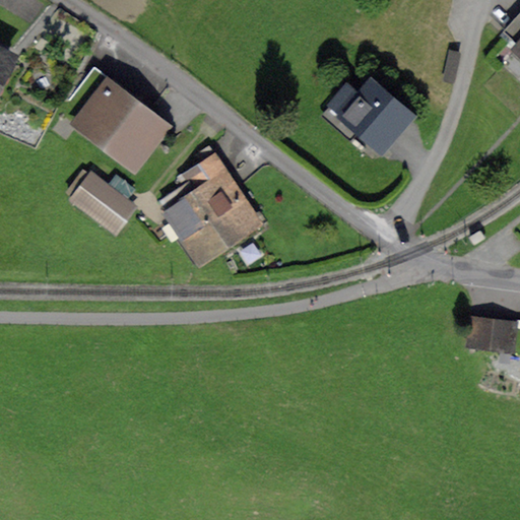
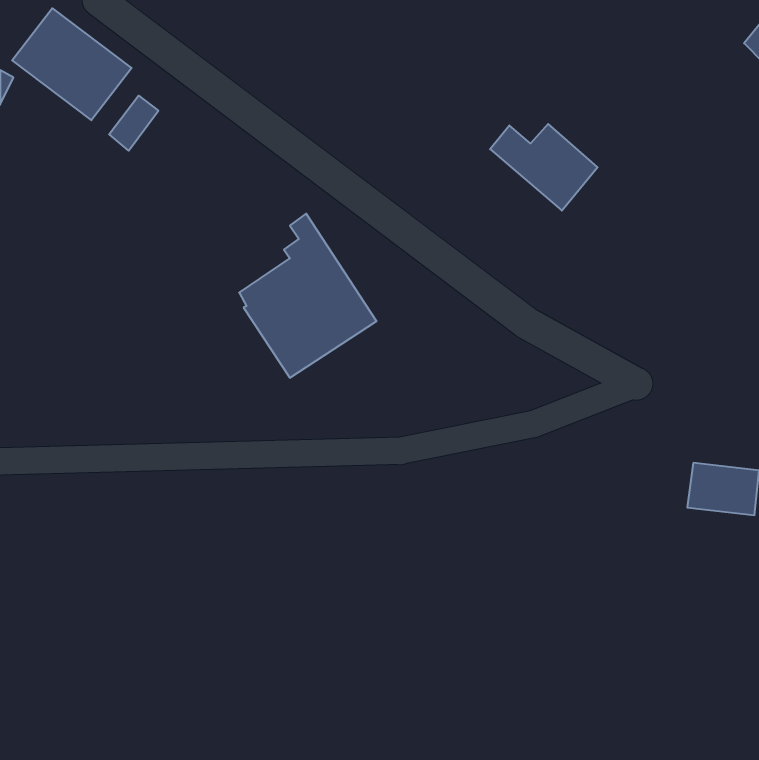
building: [82,88,164,165] -> [12,8,132,120]
building: [80,178,133,228] -> none

